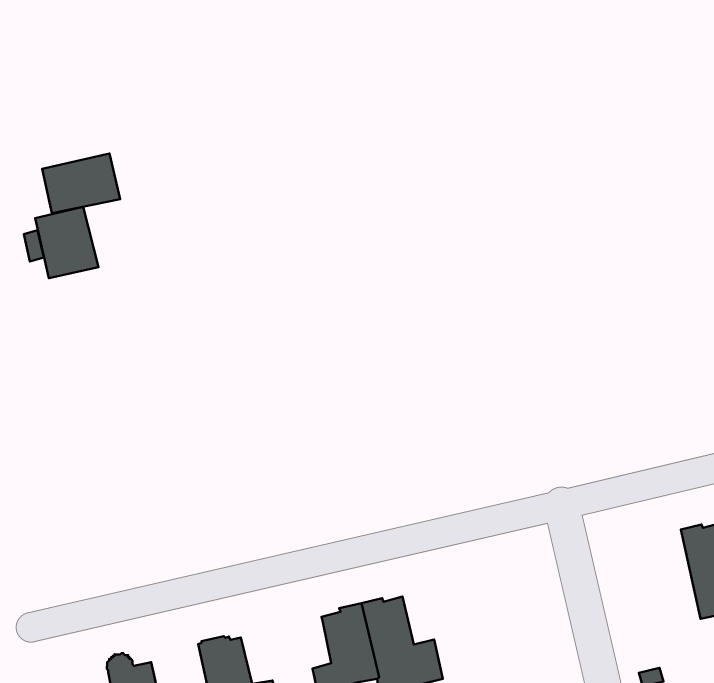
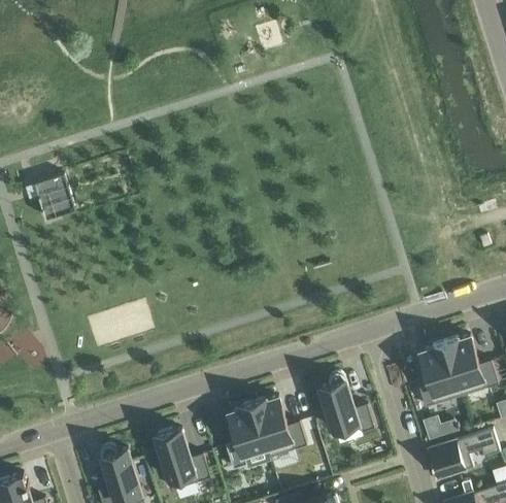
building: [42,153,120,213] -> none
building: none -> [416,341,460,406]
building: none -> [317,372,373,431]

